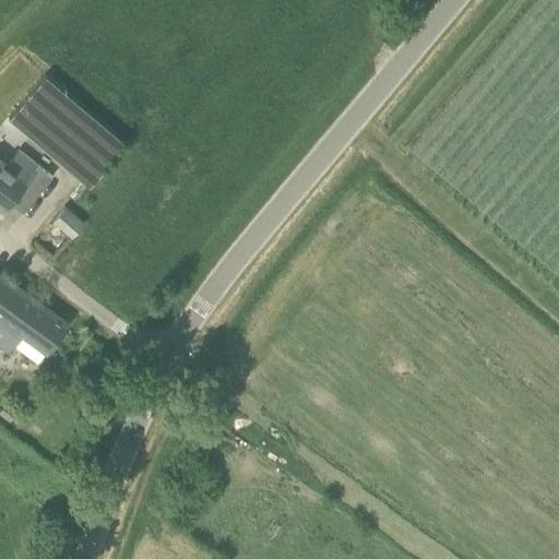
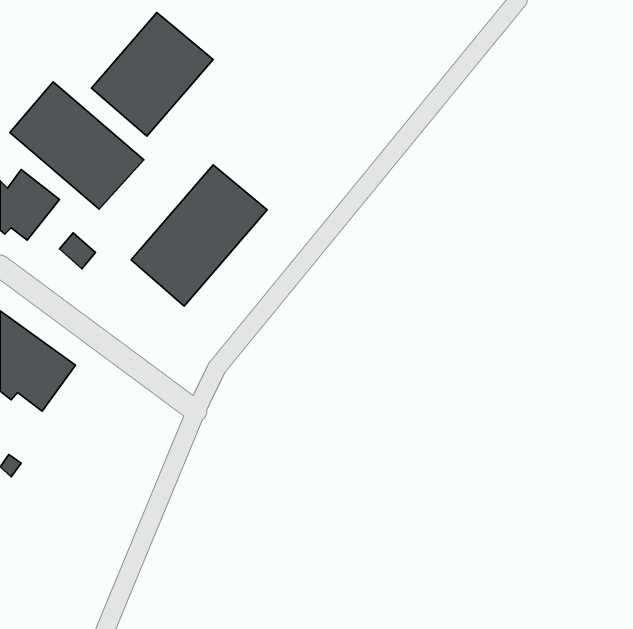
building: none -> [91,13,213,136]
building: none -> [131,165,267,306]

